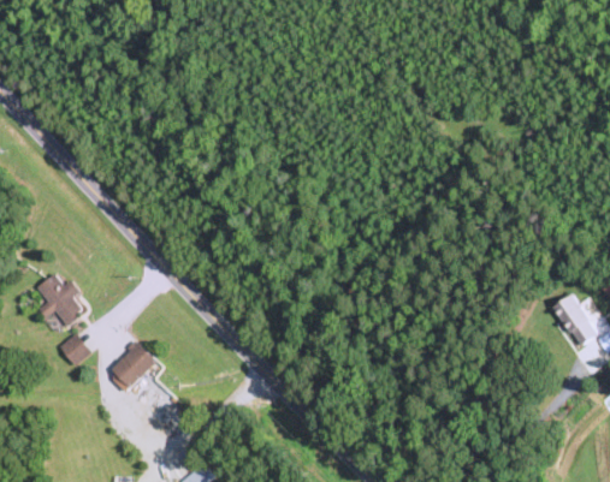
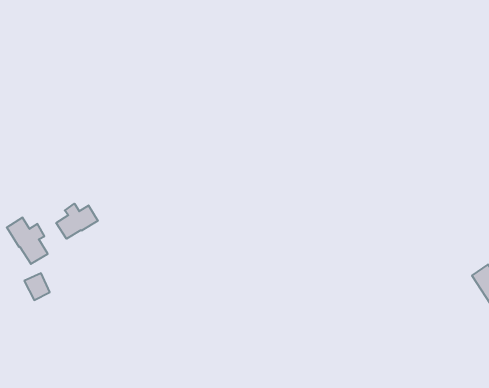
building: none -> [56,204,98,239]
building: [111,343,156,388] -> none

